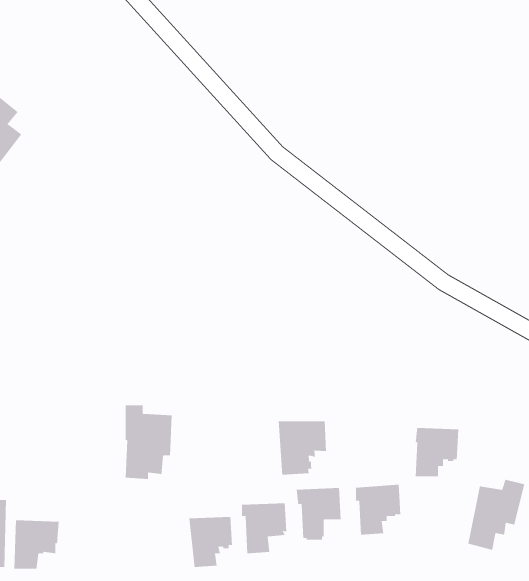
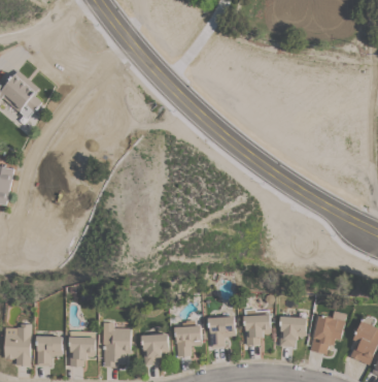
building: [125,405,172,480] -> [103,322,132,368]
building: [278,421,326,475] -> none
building: [415,427,459,477] -> [279,316,306,346]
building: none -> [69,333,96,367]

